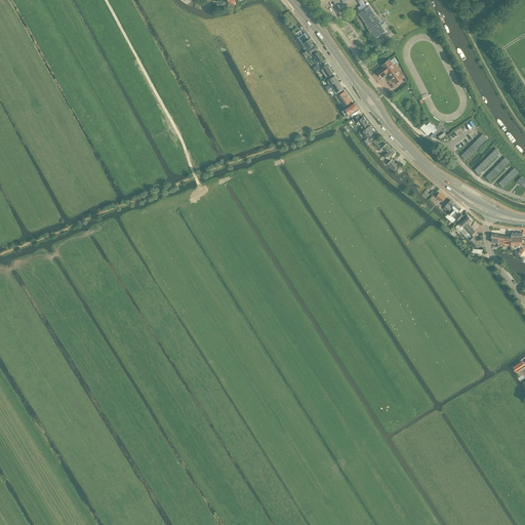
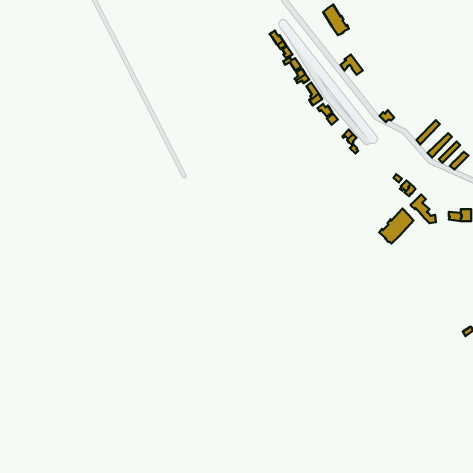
building: none -> [379,209,414,244]

